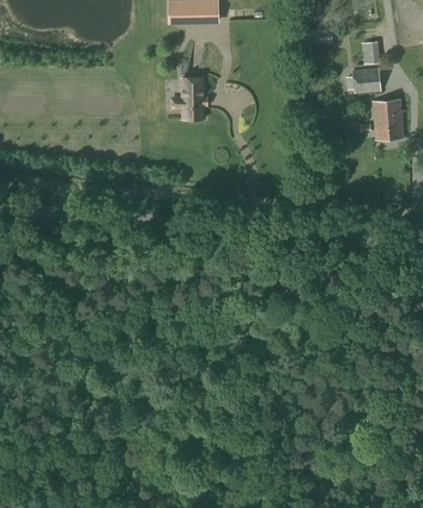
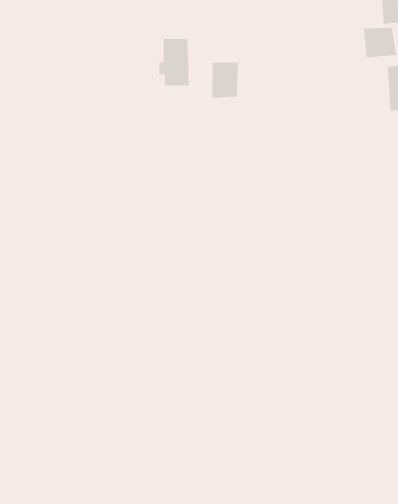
building: none -> [212,62,238,99]

